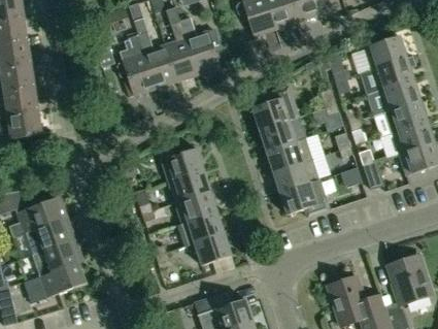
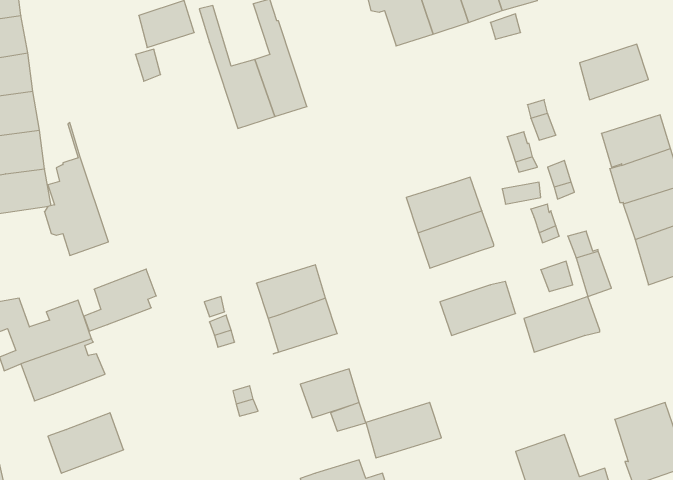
building: [116,12,156,94] -> [44,123,108,255]
building: [180,17,218,72] -> none
building: [371,55,416,89] -> none
building: [251,85,298,128] -> none
building: [158,146,203,180] -> none
building: [273,158,319,192] -> [524,297,600,352]
building: [177,211,224,245] -> [366,402,441,458]
building: [36,236,80,274] -> [84,269,156,331]

